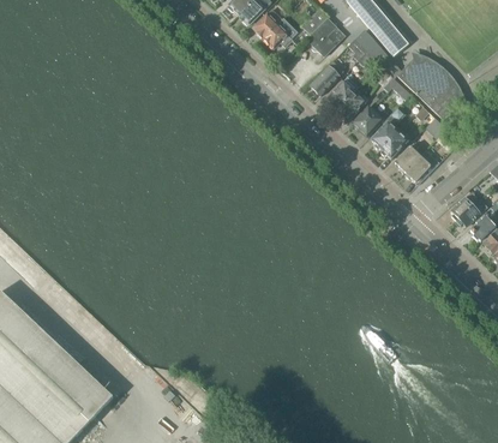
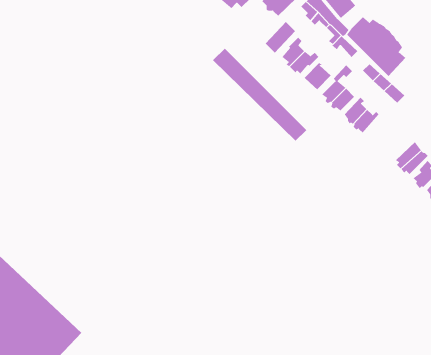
building: none -> [212,48,307,142]

